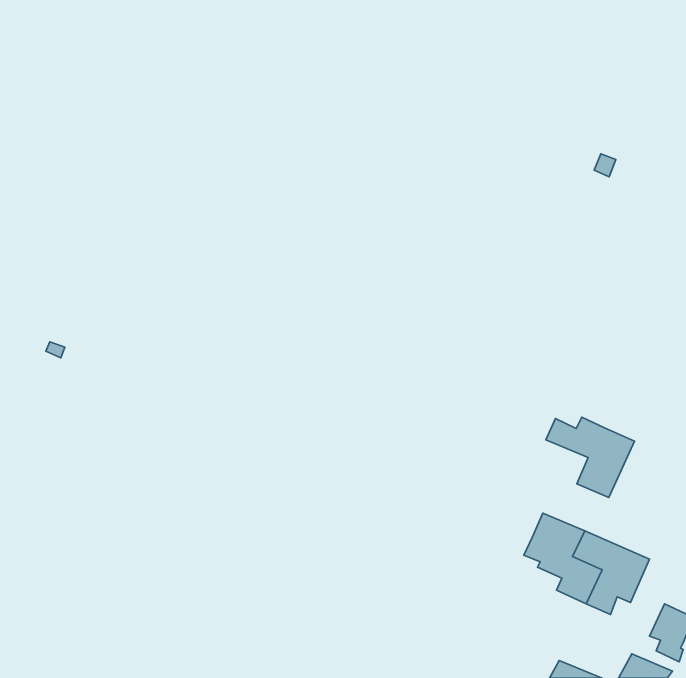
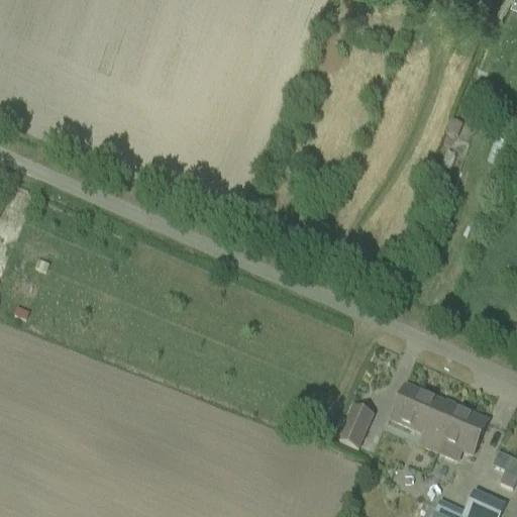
building: [546,417,634,498] -> none
building: none -> [339,401,377,446]

